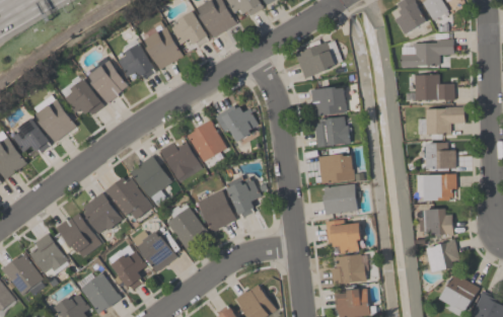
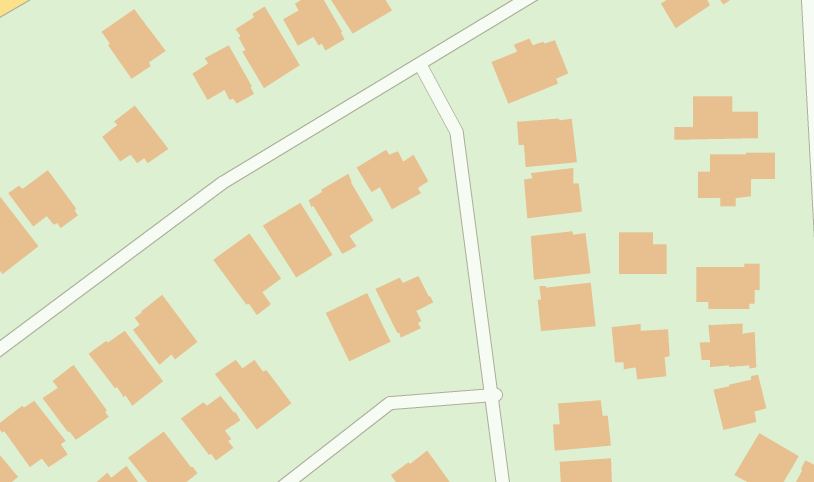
building: [400,39,453,68] -> none
building: [88,61,128,103] -> [100,8,167,80]
building: [33,95,76,142] -> none
building: [426,143,455,168] -> [618,232,668,274]
building: [104,177,152,220] -> none
building: [166,208,208,249] -> none
building: [326,220,361,253] -> [611,324,671,380]

